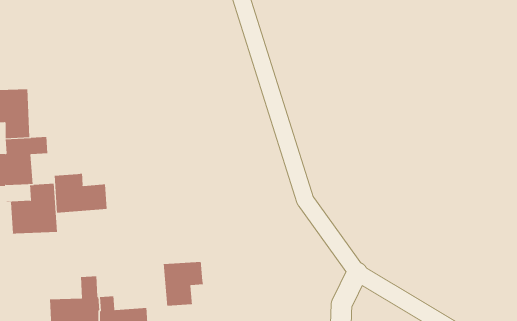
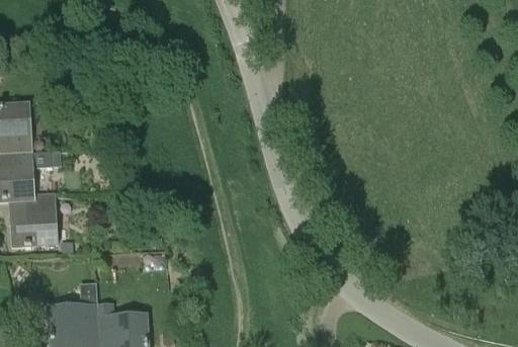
building: [54,173,112,214] -> none
building: [163,261,203,310] -> none

